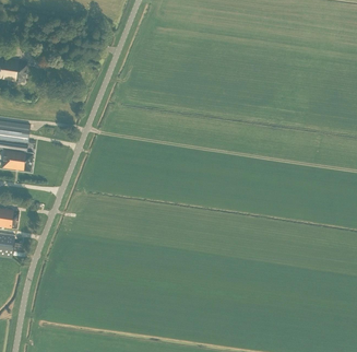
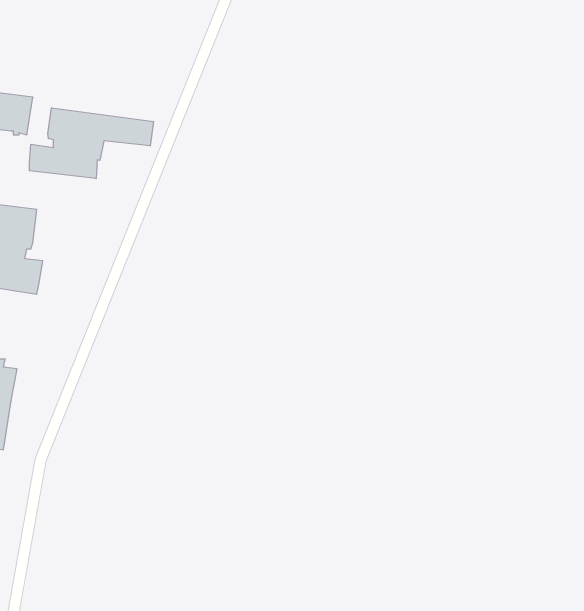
building: none -> [29,108,153,179]

